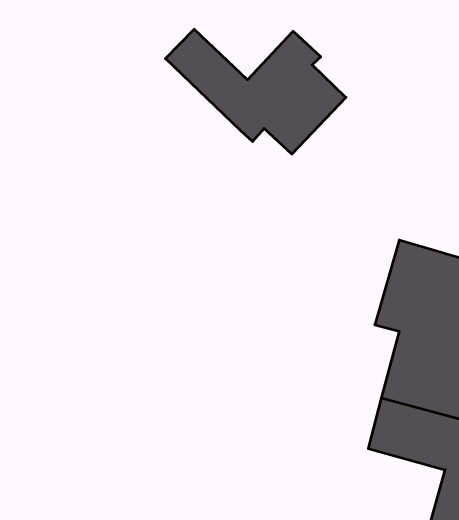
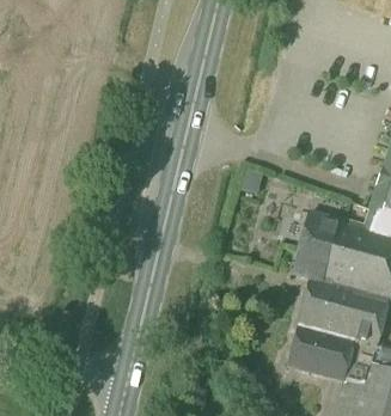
building: [165,29,346,154] -> none

